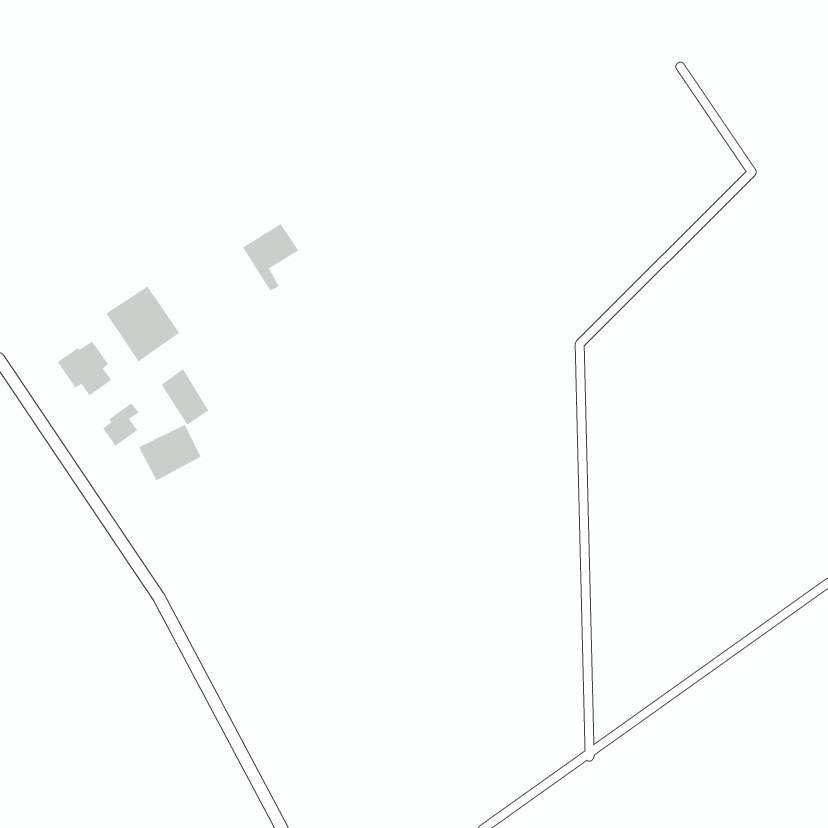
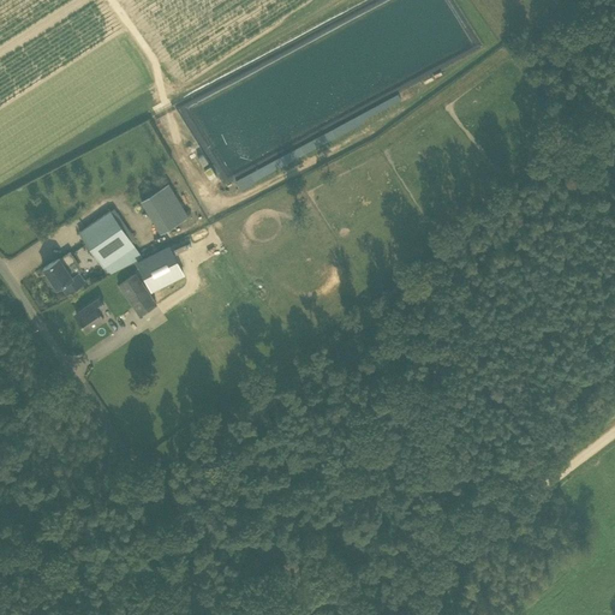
building: [242,223,299,291] -> [139,183,181,233]
building: [138,424,202,481] -> [136,247,183,289]

